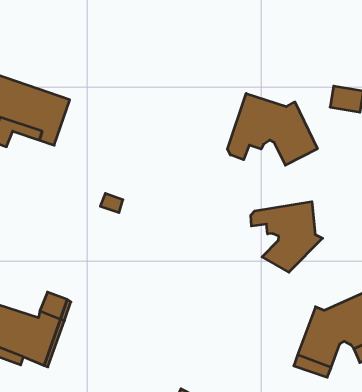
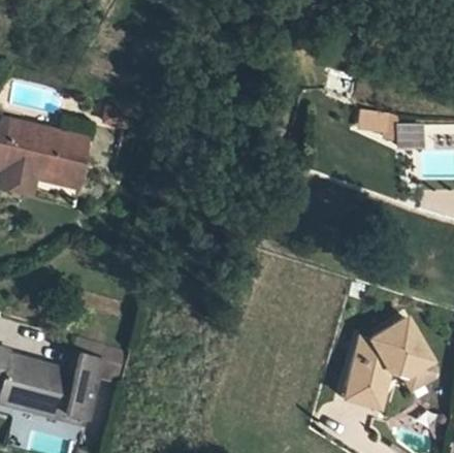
building: [227,93,317,165] -> none
building: [251,202,323,272] -> none

